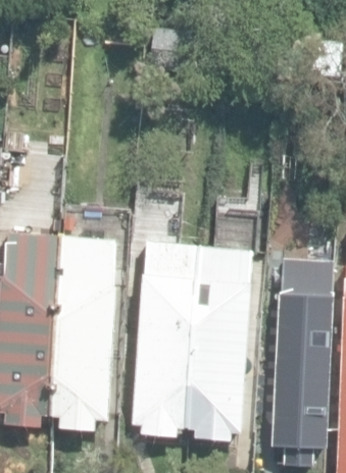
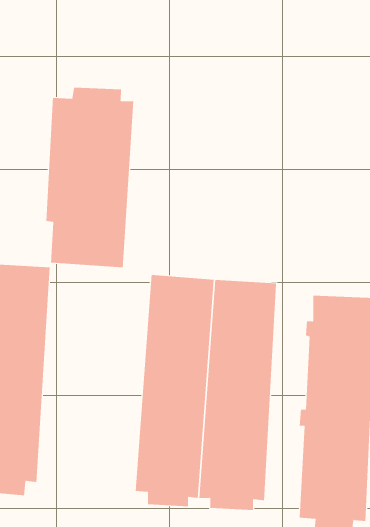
building: none -> [46,87,134,268]
building: [51,236,116,430] -> none

